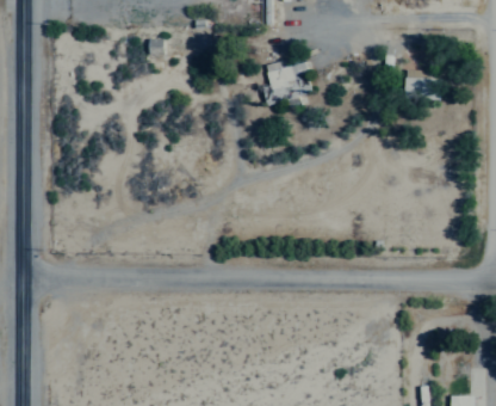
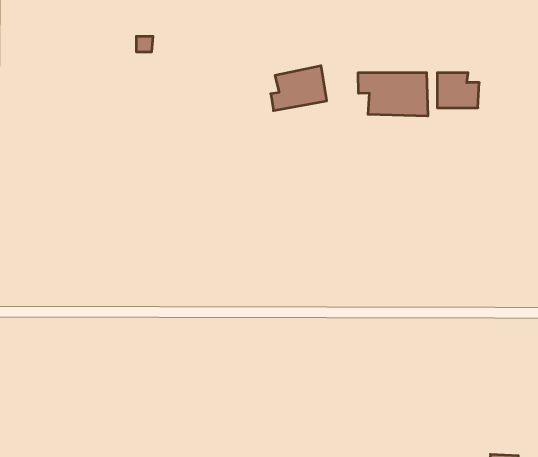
building: none -> [358,73,428,116]

